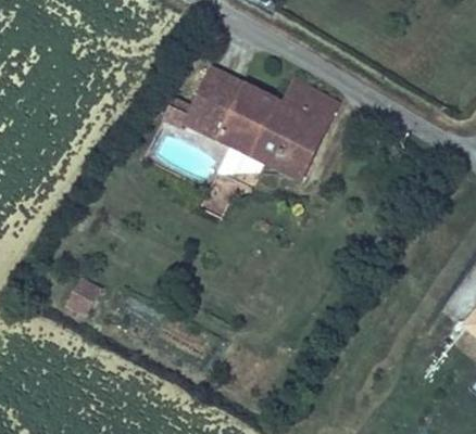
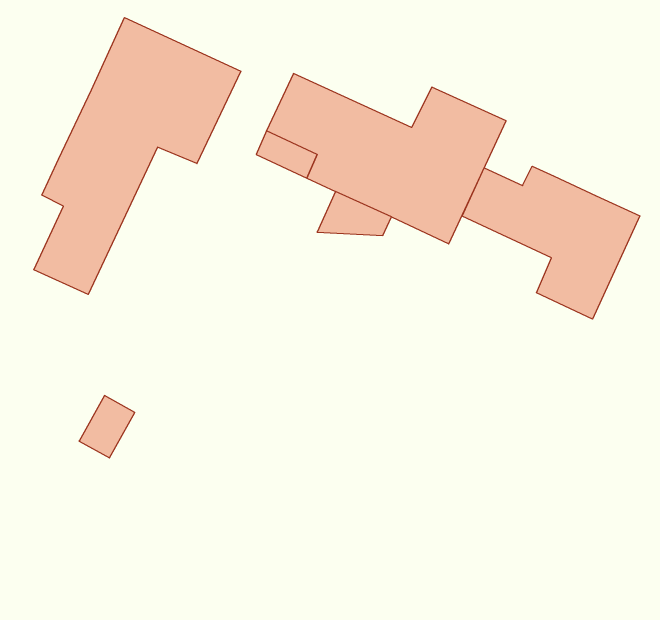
building: none -> [34,18,241,294]
building: none -> [462,166,640,319]

